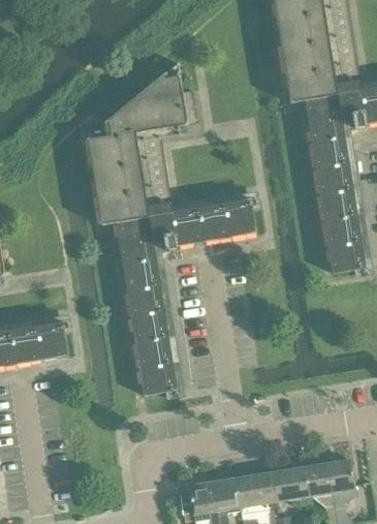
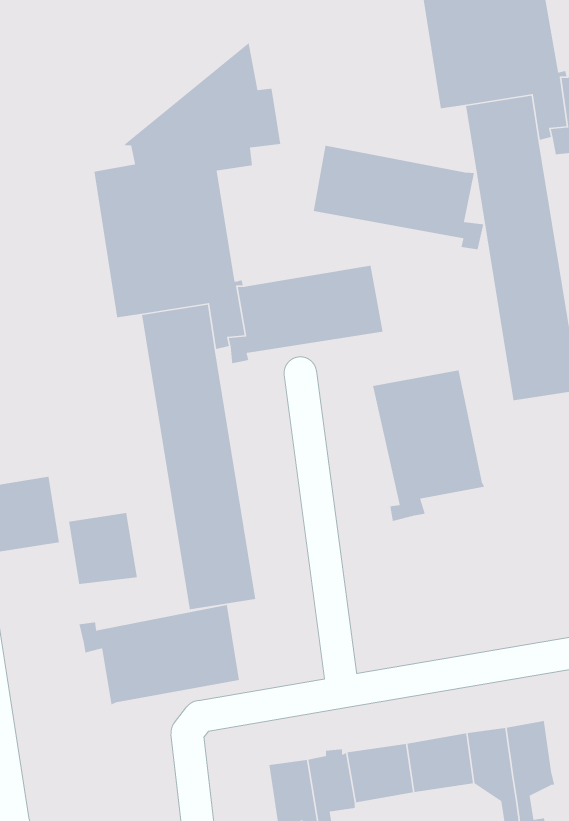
building: none -> [313,145,484,250]
building: none -> [372,370,485,522]
building: none -> [68,512,138,585]
building: none -> [79,604,240,705]

